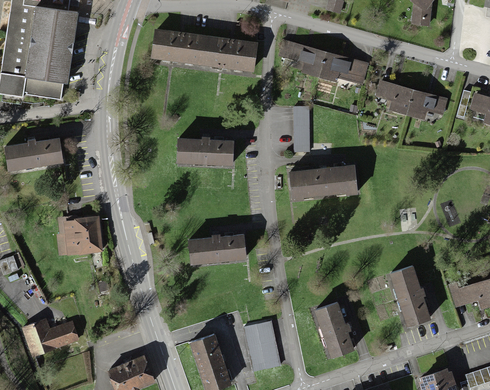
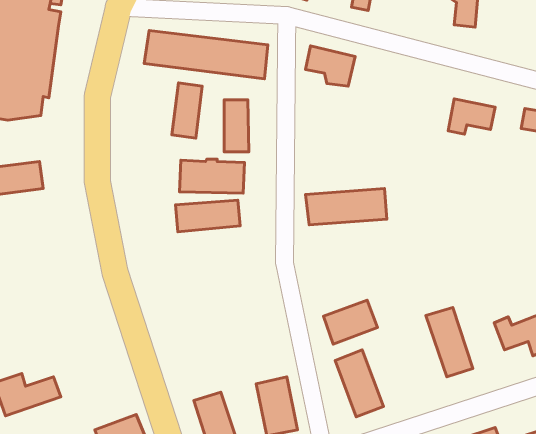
building: [323,51,362,80] -> none
building: none -> [172,83,202,138]
building: [373,80,413,114] -> none
building: [292,109,313,153] -> [224,100,249,152]
building: [60,217,101,251] -> none
building: [188,232,243,259] -> [175,200,240,232]
building: none -> [324,300,378,344]

